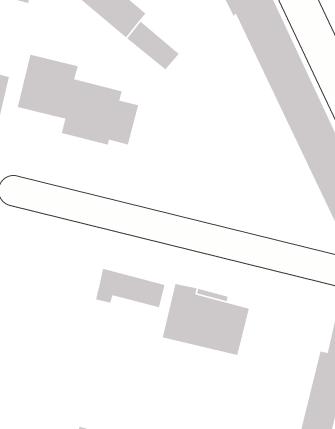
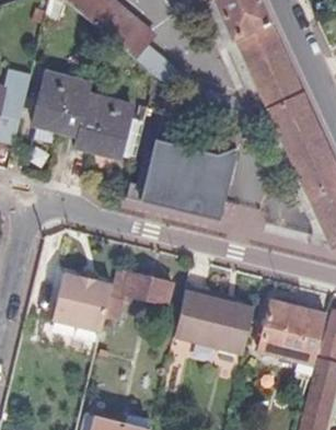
building: none -> [142,138,243,220]
building: none -> [53,274,111,332]
building: none -> [254,300,322,363]

